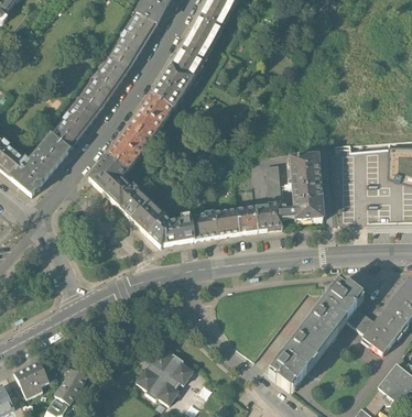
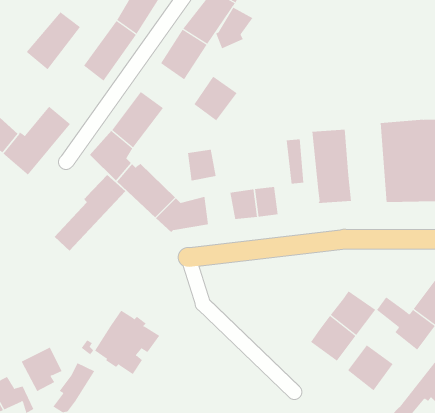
building: none -> [216,7,253,49]
building: [132,94,172,134] -> [193,76,237,121]
building: [50,96,99,149] -> [26,11,81,70]
building: none -> [54,174,126,251]
building: [253,201,293,230] -> none
building: [191,210,217,239] -> [187,149,216,181]
building: [319,279,361,316] -> none
building: [134,340,194,398] -> [94,310,160,375]
building: [268,344,310,386] -> [347,345,393,391]

